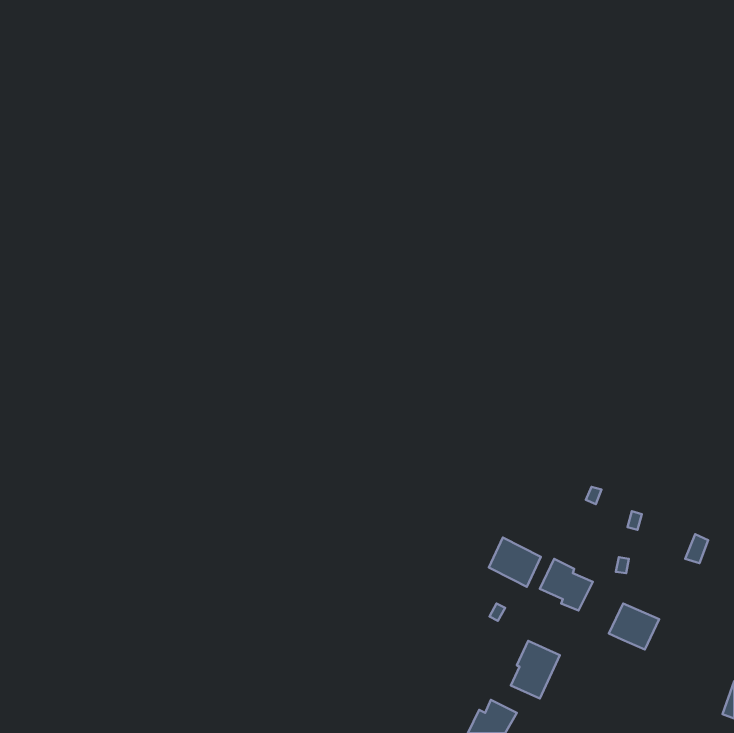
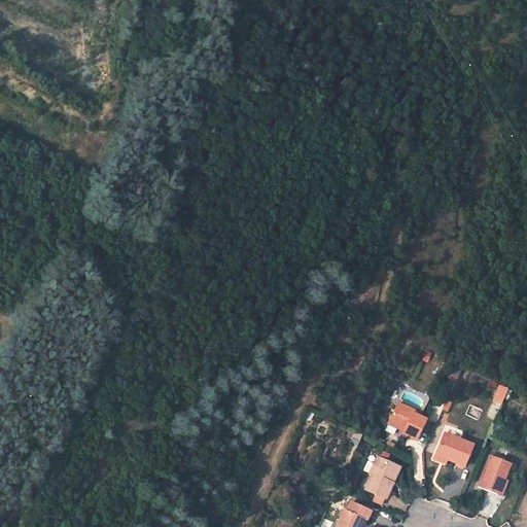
building: [489,537,541,587] -> none
building: none -> [478,456,512,495]

